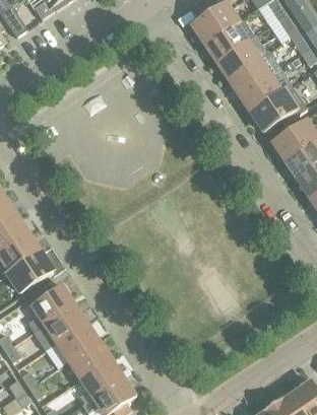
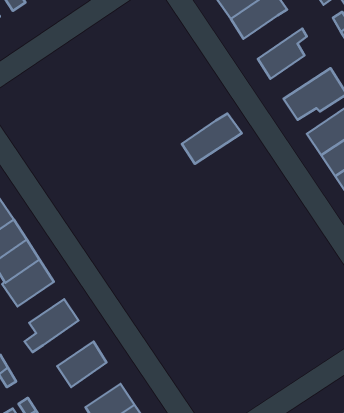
building: [216,41,258,78] -> none
building: [240,69,292,113] -> [182,113,242,164]
building: [34,304,86,350] -> none
building: [67,341,110,379] -> none

